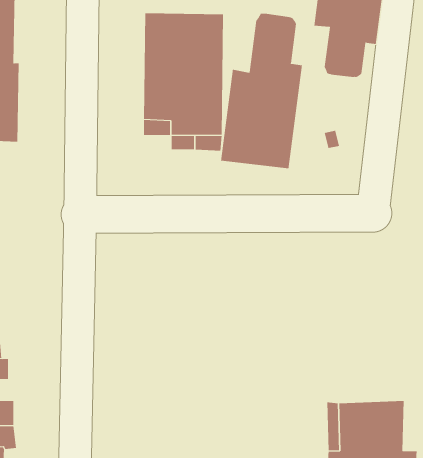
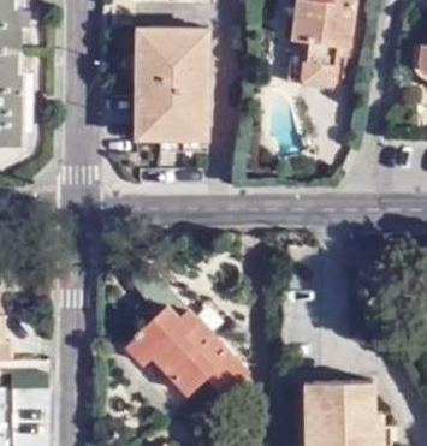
building: [220,13,303,169] -> none
building: none -> [124,263,263,409]

